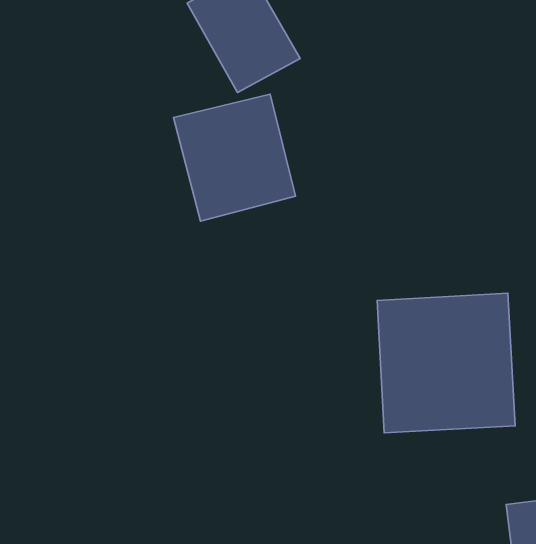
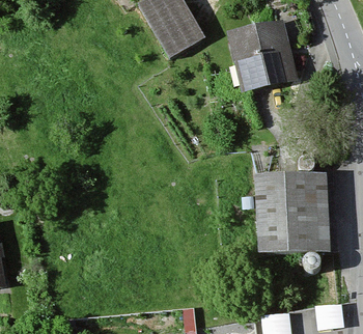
building: [174,94,295,221] -> [226,19,297,92]

